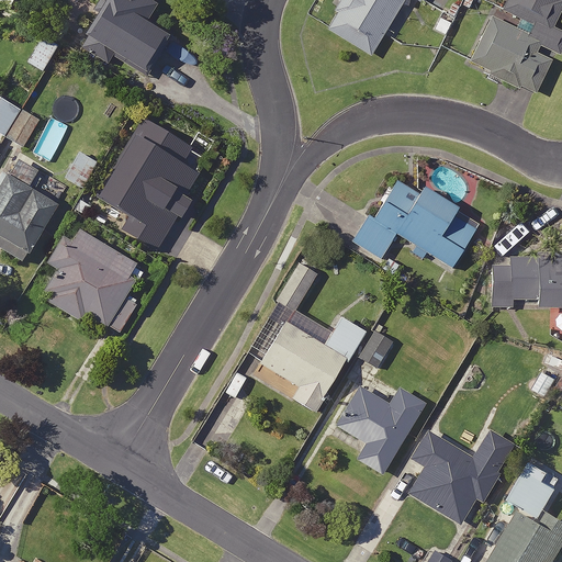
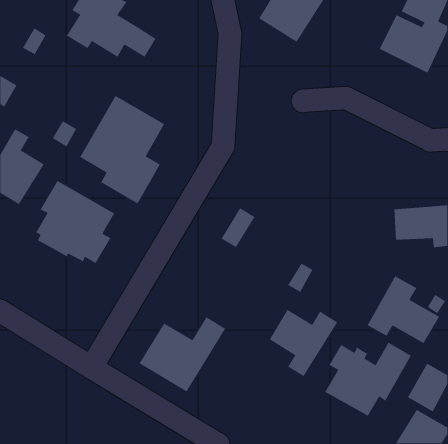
building: [351,179,480,268] -> none
building: [256,314,366,409] -> [138,316,226,393]
building: none -> [366,275,440,344]

